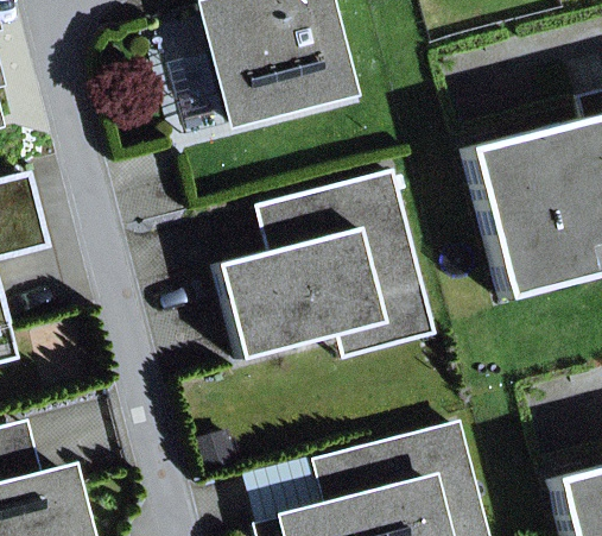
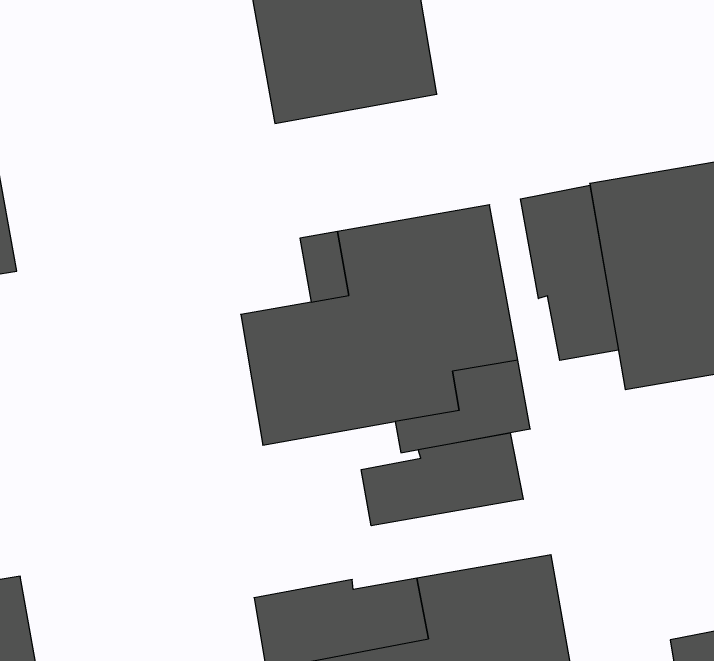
building: none -> [520,185,618,360]
building: none -> [361,433,523,526]

